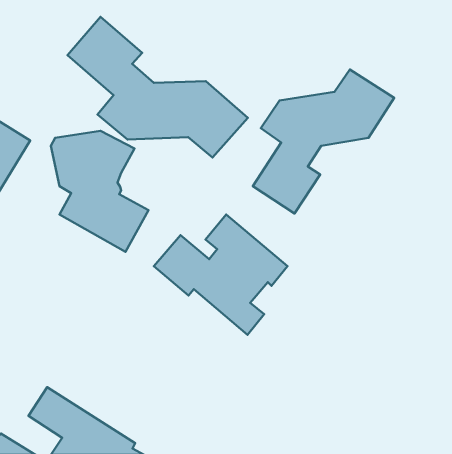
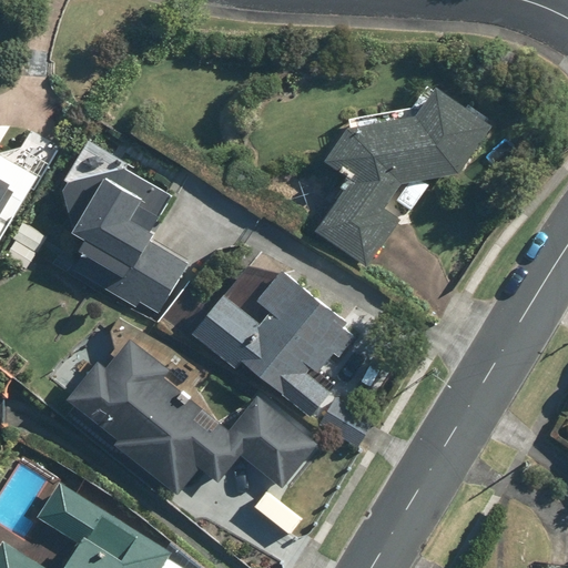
building: [67,17,248,157] -> none
building: none -> [67,334,314,493]

